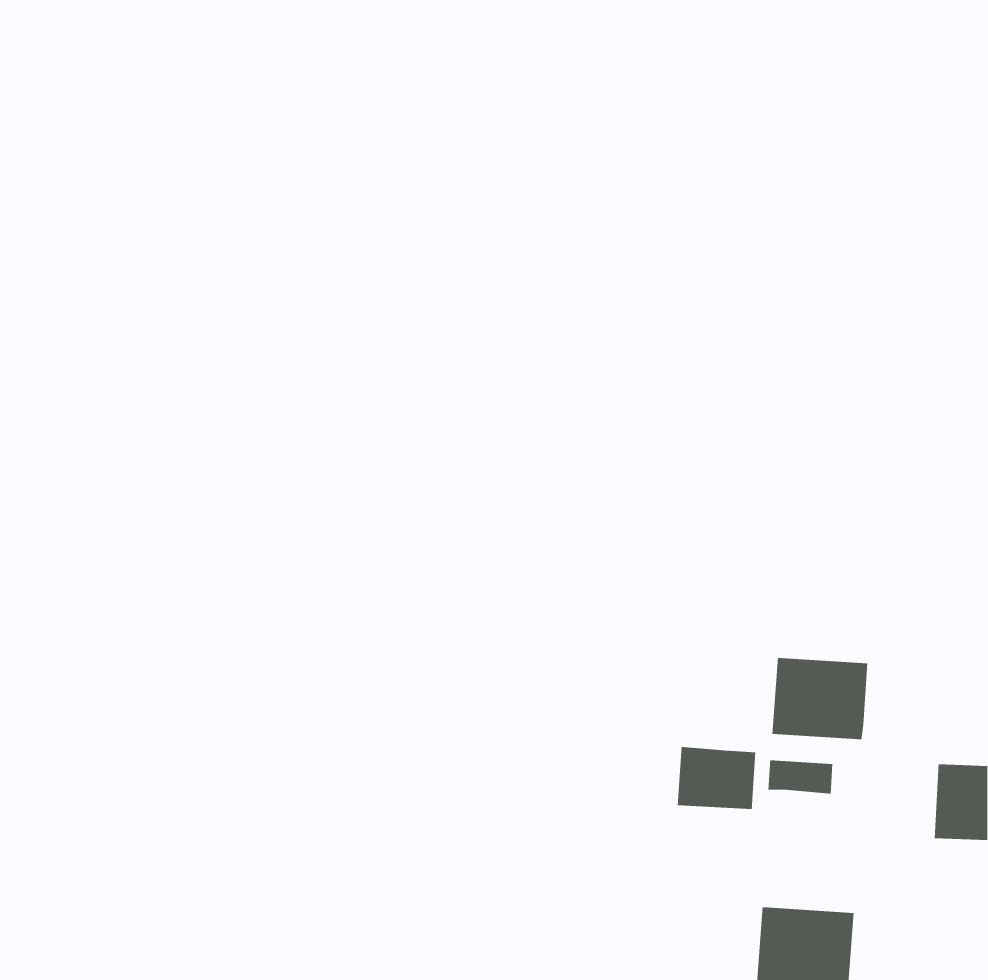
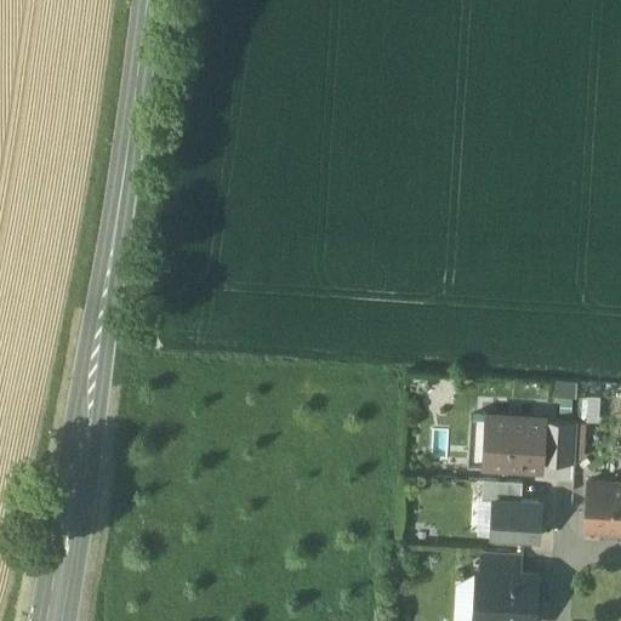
building: none -> [542,421,577,462]
building: [677,746,756,810] -> [491,501,541,541]
building: none -> [479,554,523,576]

